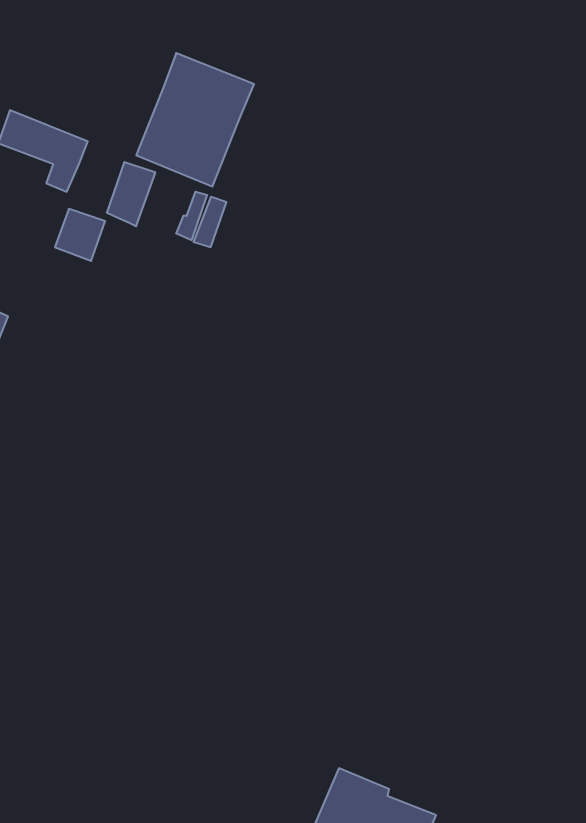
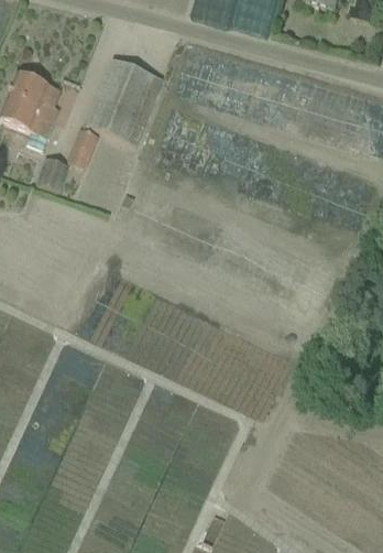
building: none -> [8,71,61,113]

